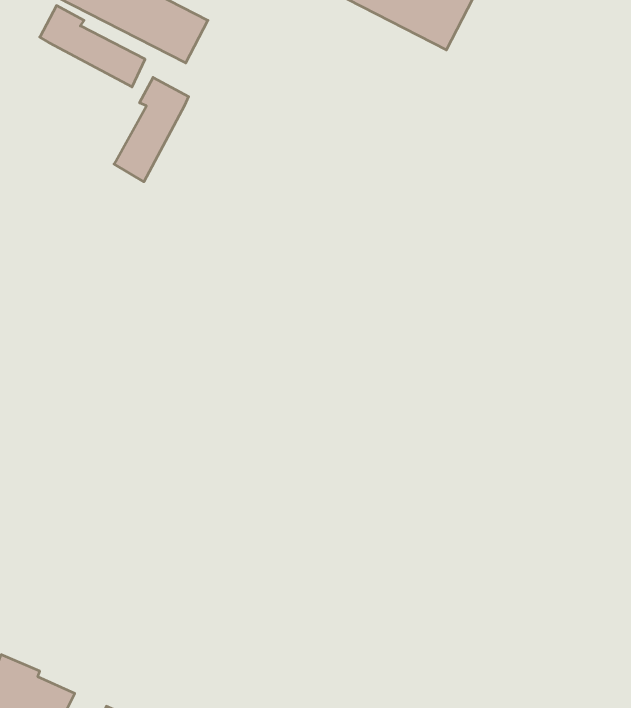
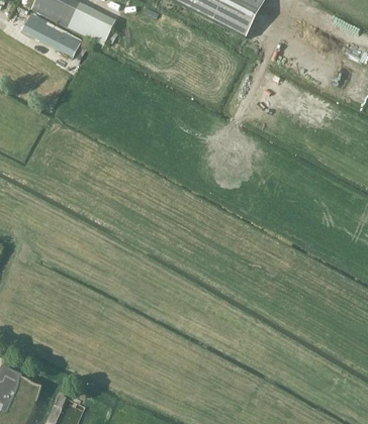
building: [114,77,189,182] -> none

